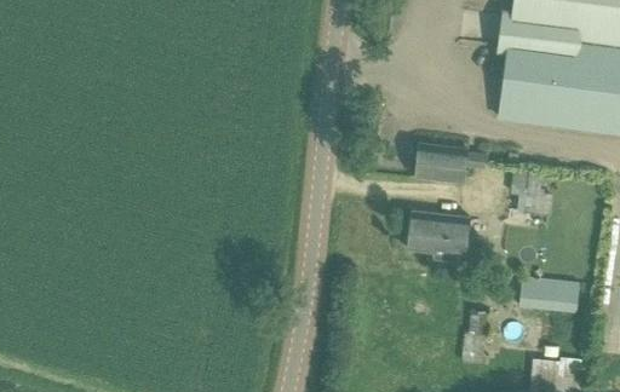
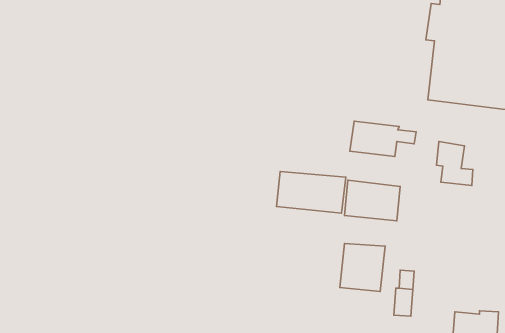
building: none -> [276,172,346,213]
building: [518,278,580,313] -> none
building: none -> [340,243,385,292]

